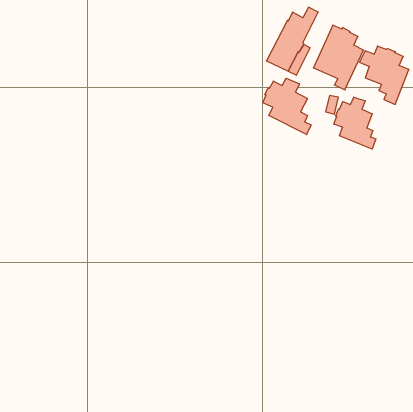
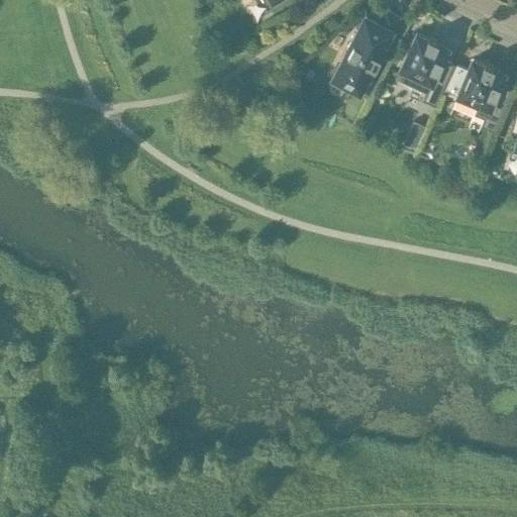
building: [263,78,311,135] -> none
building: [334,97,376,149] -> none

